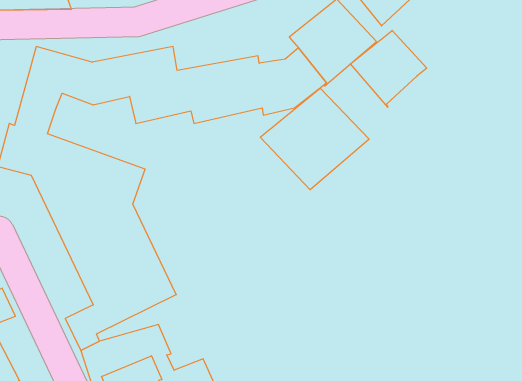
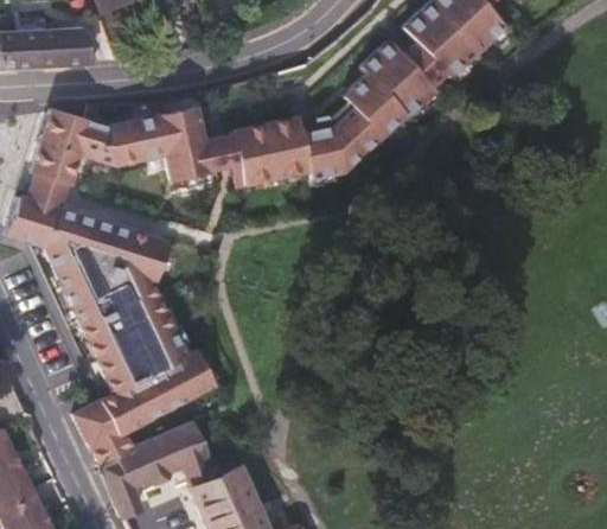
building: [350,30,427,107] -> none
building: [260,88,369,190] -> none

